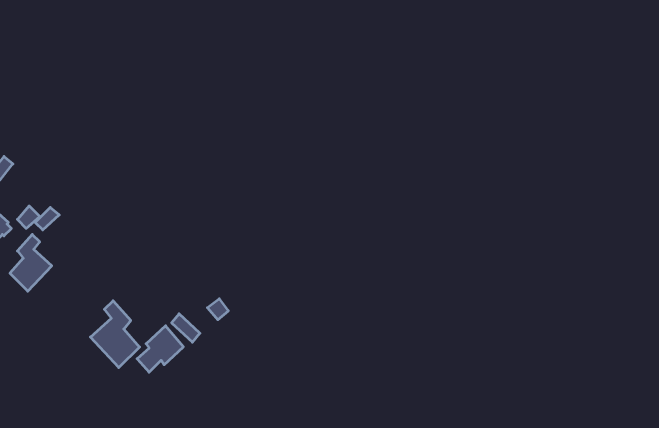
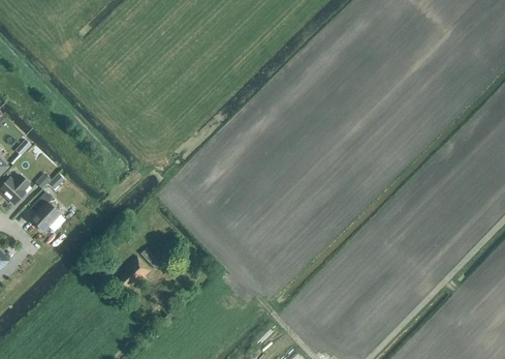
building: [90,301,140,368] -> none

